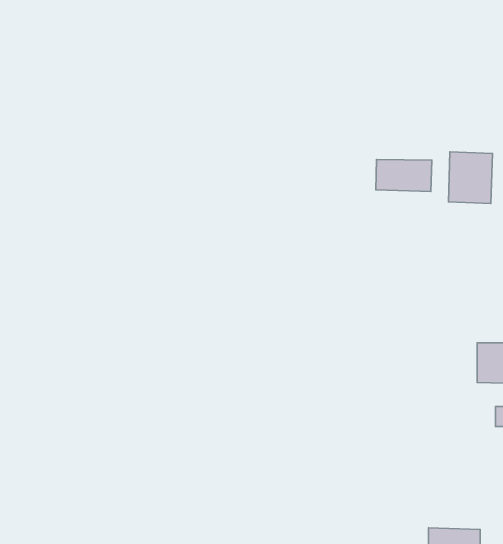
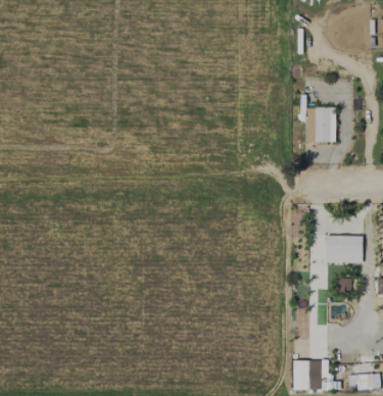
building: [376,160,432,192] -> none

